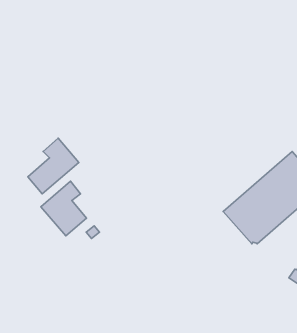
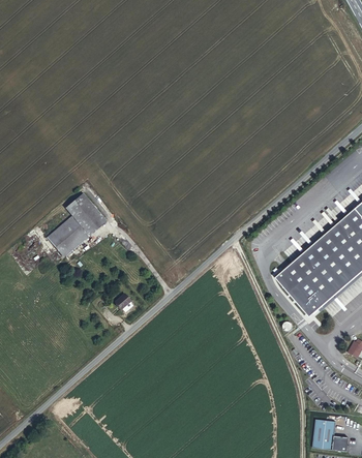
building: [41,181,86,236] -> none

